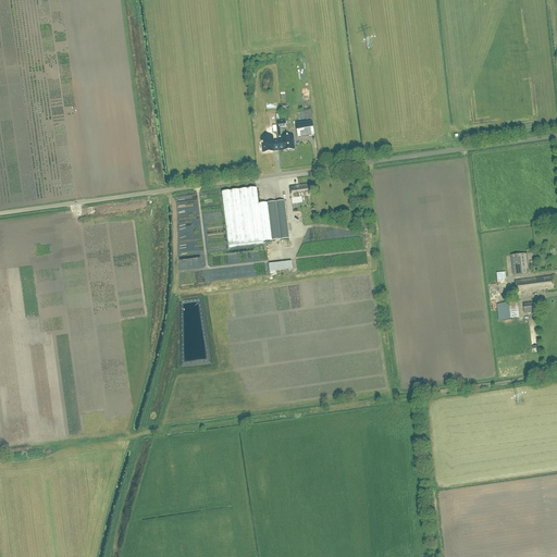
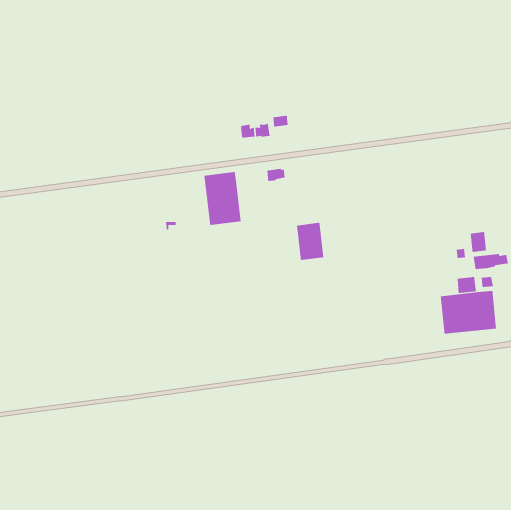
building: [258,199,288,240] -> [296,222,324,260]
building: none -> [440,290,497,335]

